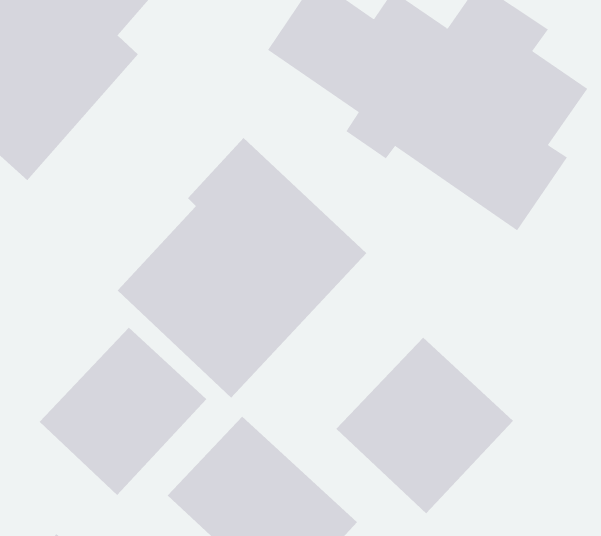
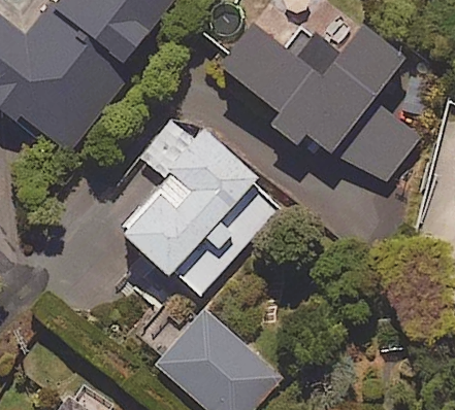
building: [39,327,207,496] -> none
building: [335,337,514,514] -> none

